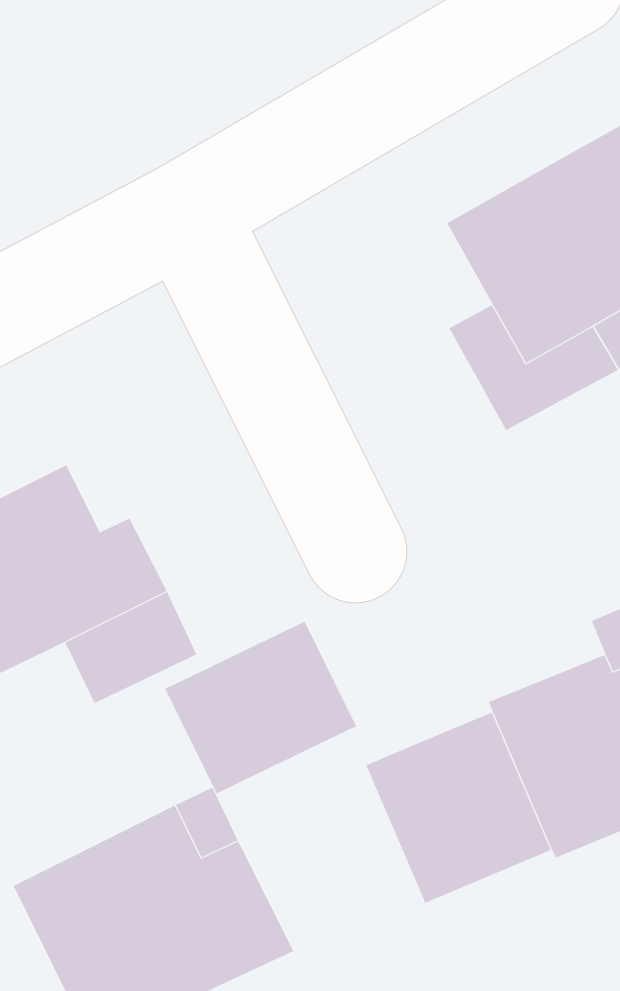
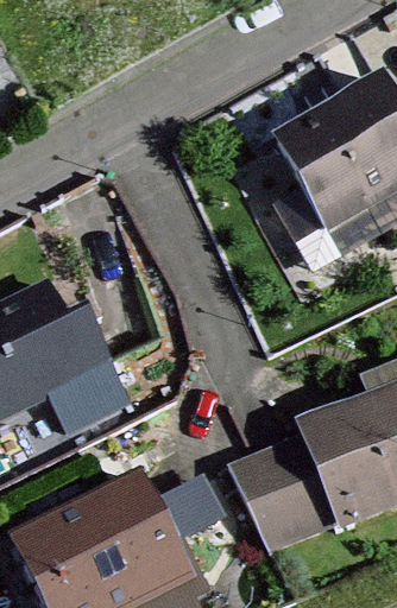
building: [165,621,357,794] -> none

